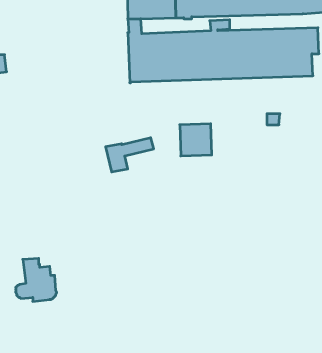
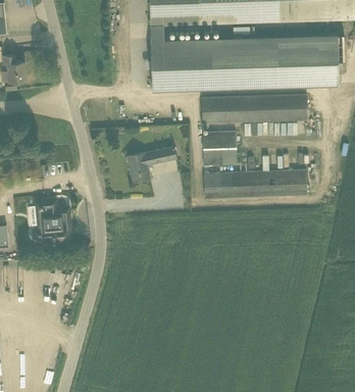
building: none -> [201,95,306,124]
building: none -> [203,171,306,199]
building: [16,258,57,301] -> [31,201,72,245]

